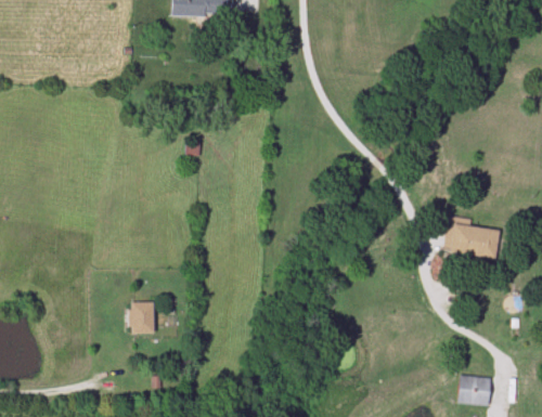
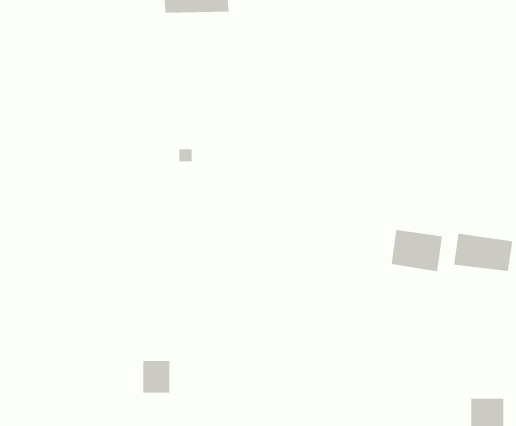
building: none -> [391,229,443,272]
building: [129,303,155,335] -> [143,360,170,394]

